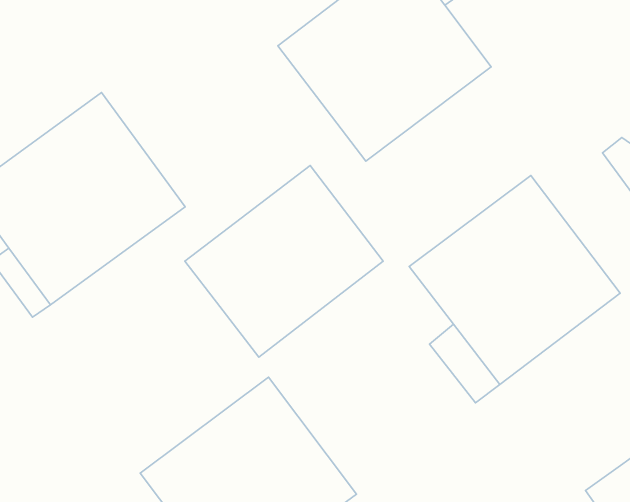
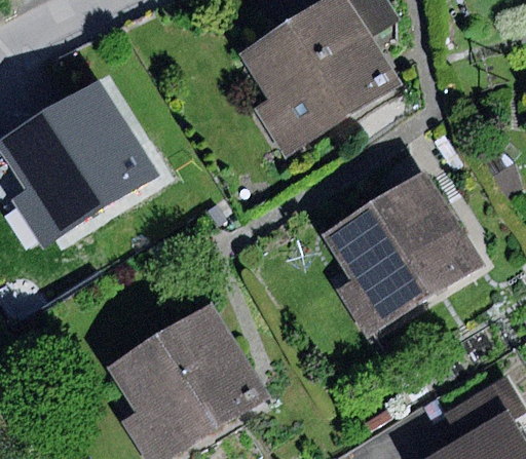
building: [185,165,383,357] -> none

